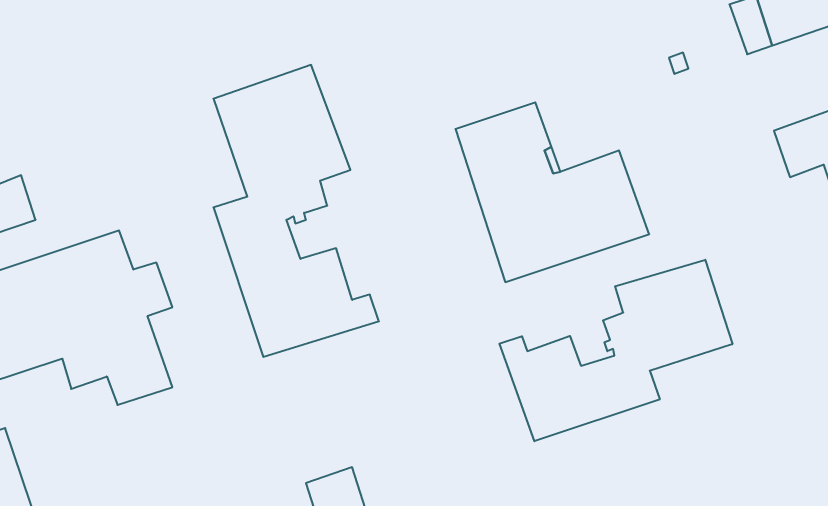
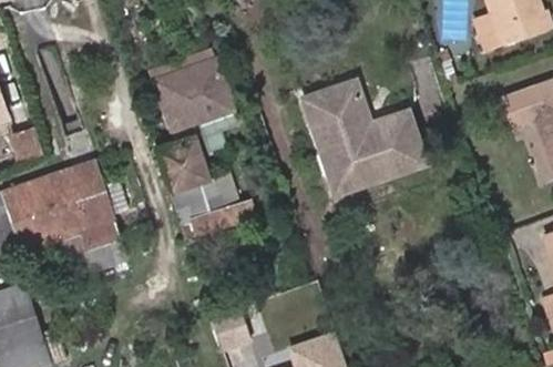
building: [499,260,732,441] -> none

